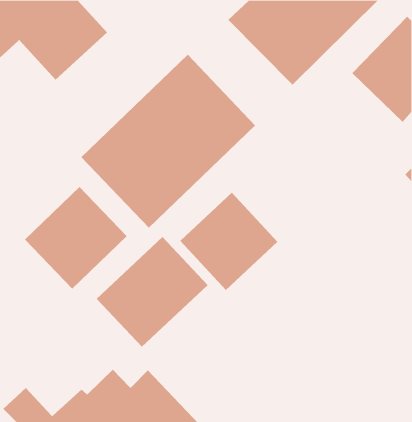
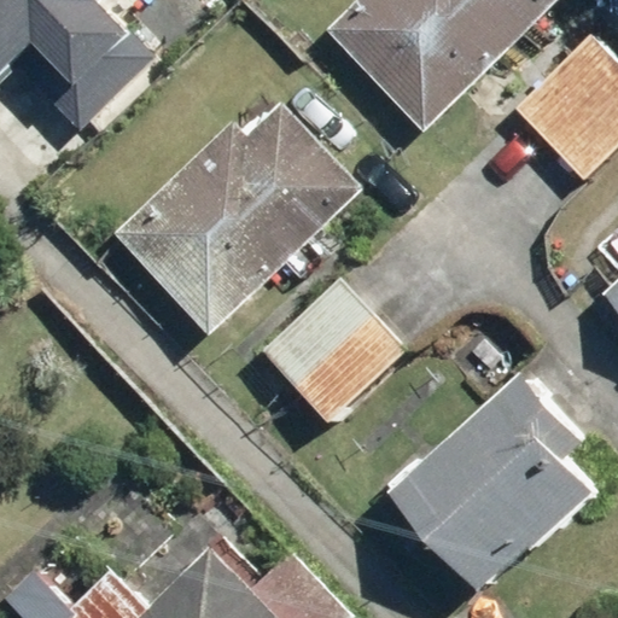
building: [24,186,128,289] -> none
building: [96,236,209,348] -> none
building: none -> [383,372,581,594]

